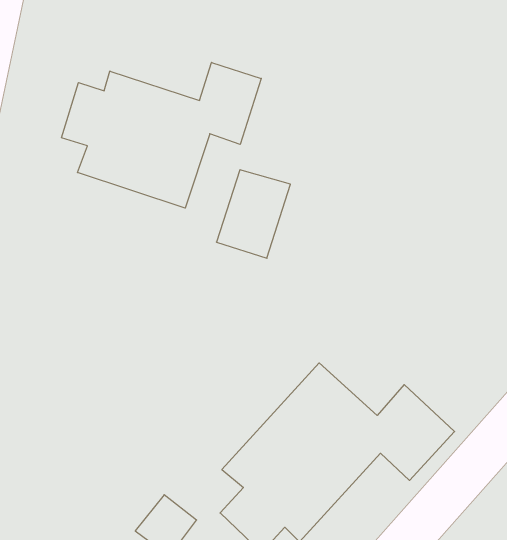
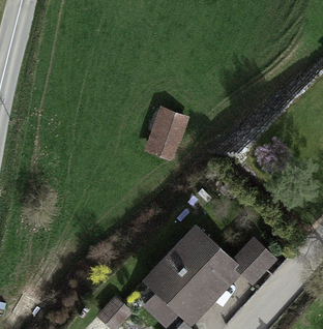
building: [62,62,261,208] -> none

